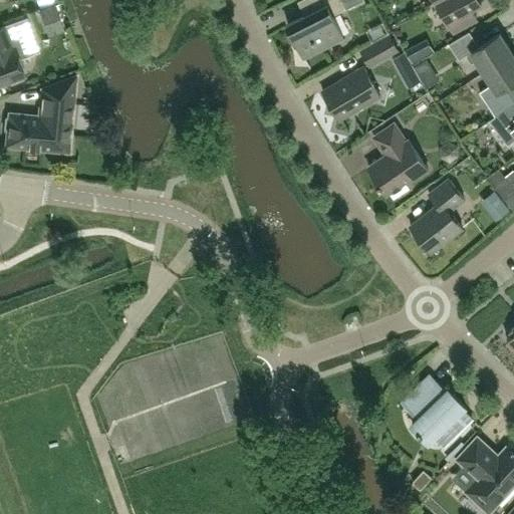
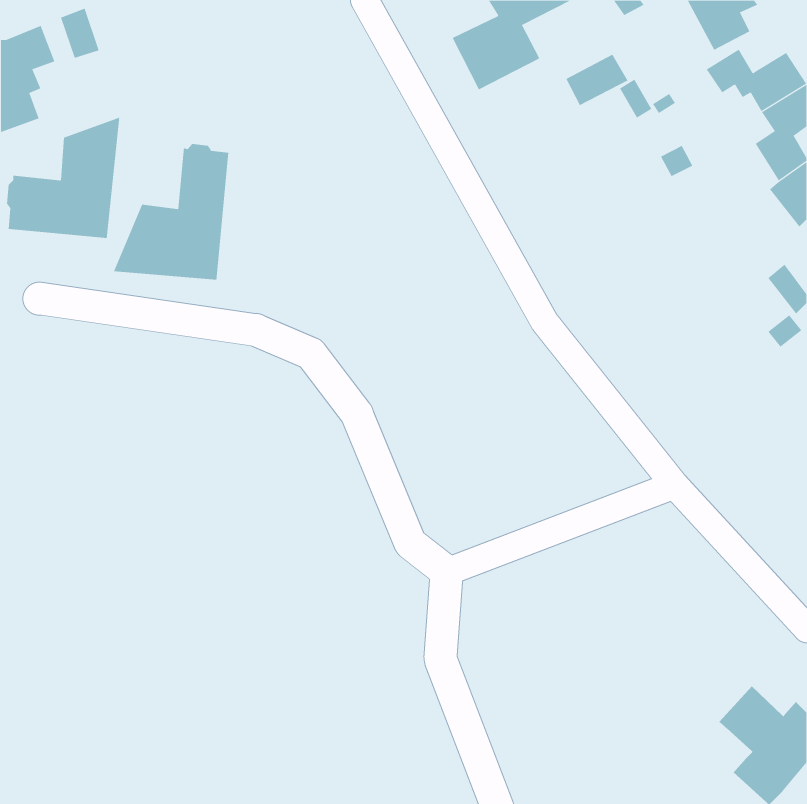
building: [322,69,380,121] -> none
building: none -> [113,143,229,280]
building: [368,124,429,195] -> none
building: [411,181,465,256] -> none
building: [400,376,472,444] -> none

